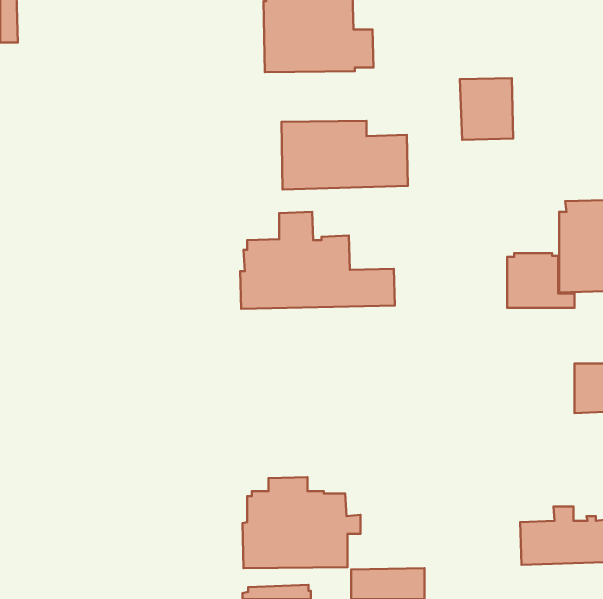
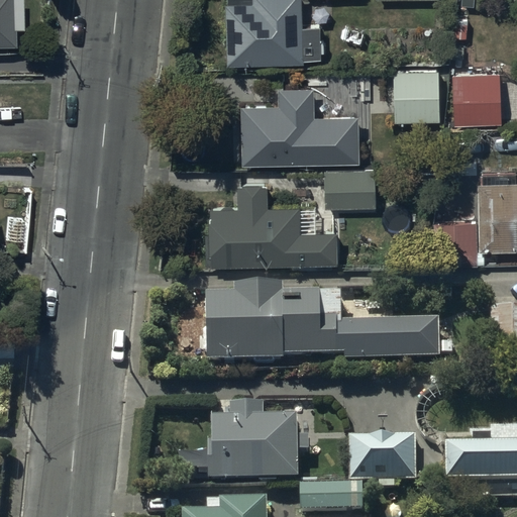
building: none -> [452,69,502,123]
building: none -> [325,166,377,205]
building: none -> [204,285,440,367]
building: none -> [339,433,415,489]

